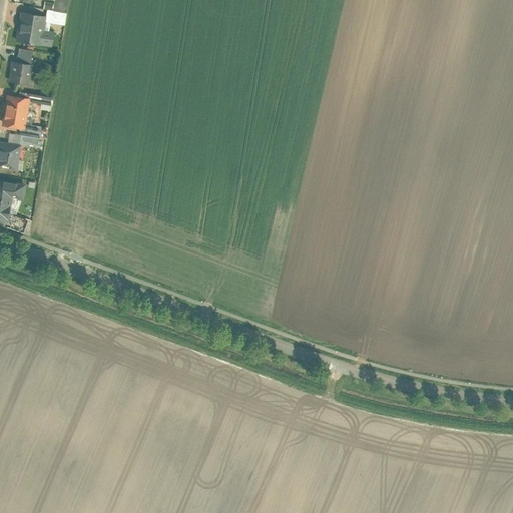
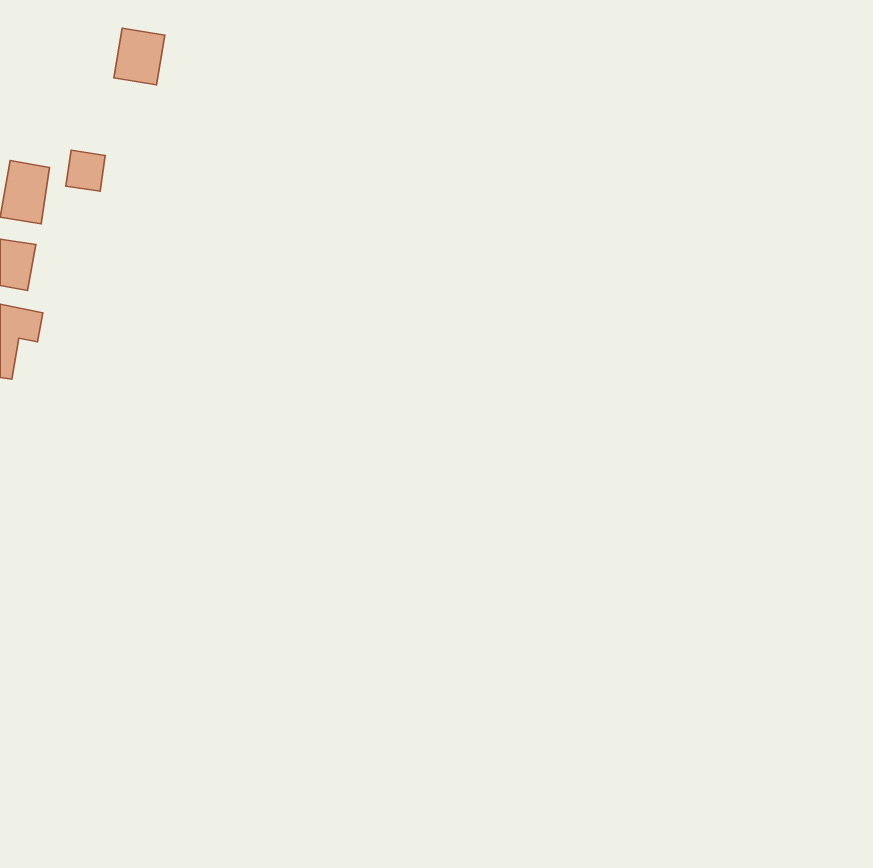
building: [15,11,45,44] -> [114,28,165,85]
building: [8,60,31,84] -> [66,150,105,191]

